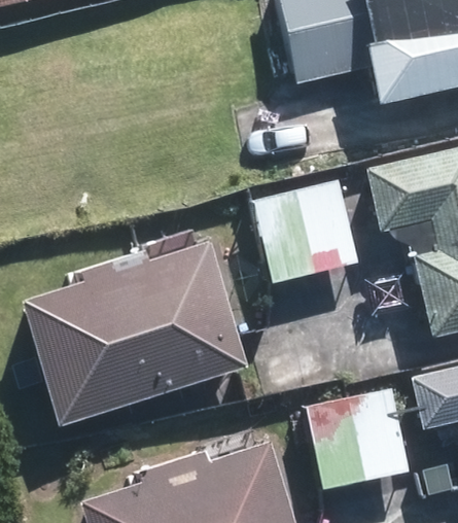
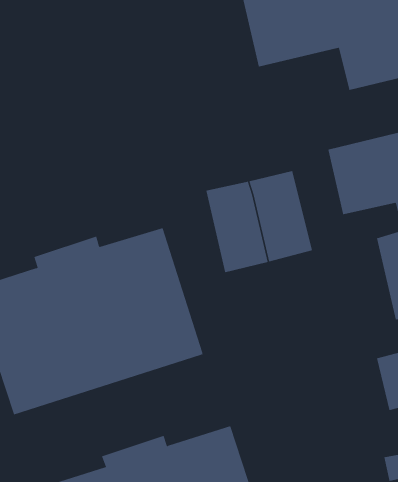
building: [305,387,412,486] -> none

